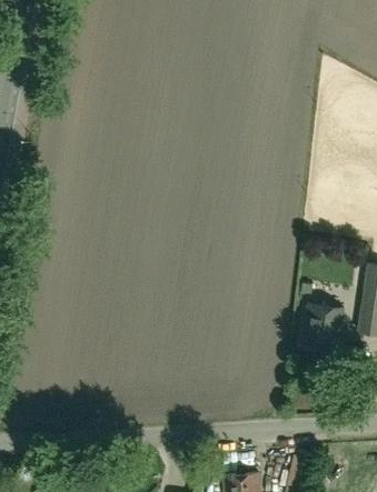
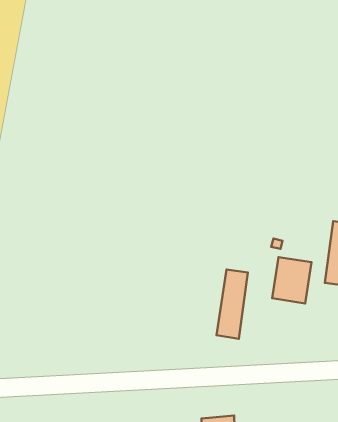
building: none -> [216,270,248,339]

